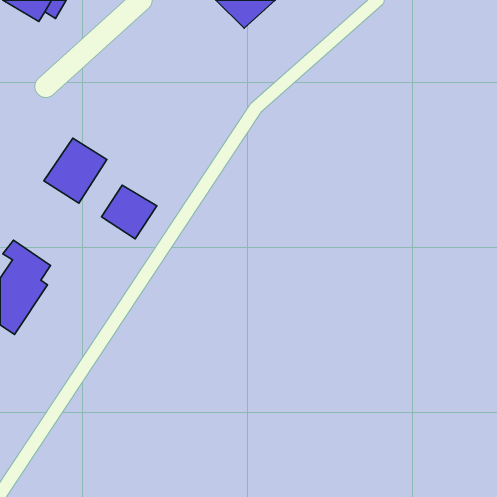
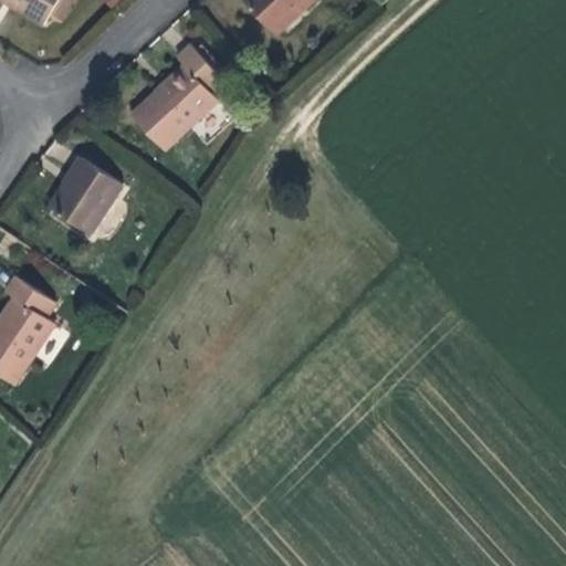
building: none -> [130,44,224,149]
building: [101,185,157,239] -> none

